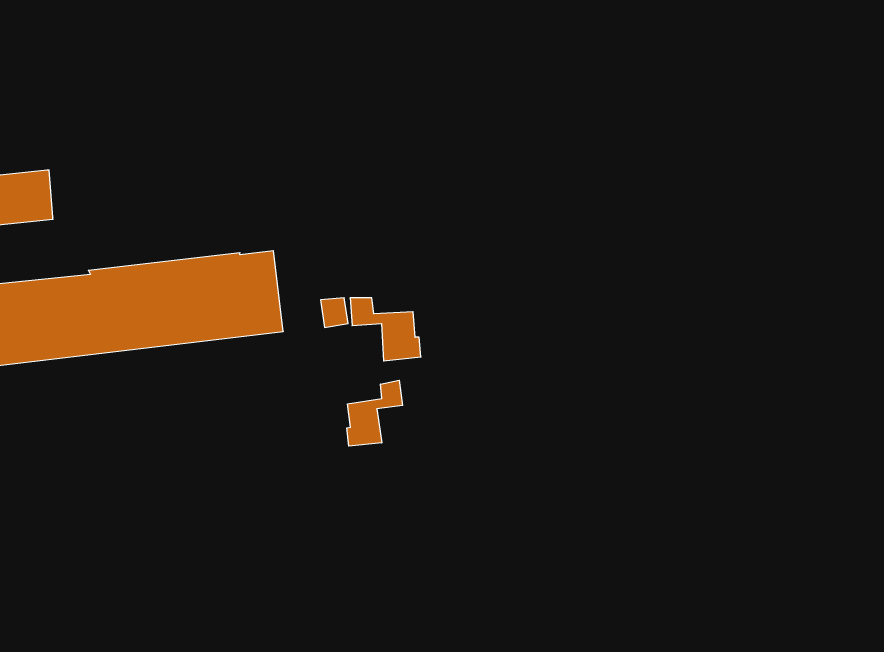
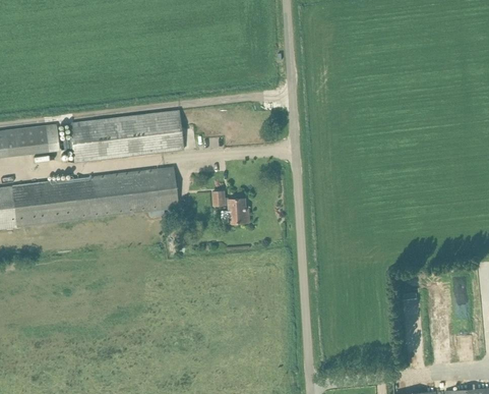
building: none -> [71,110,183,162]
building: [347,380,403,446] -> none

